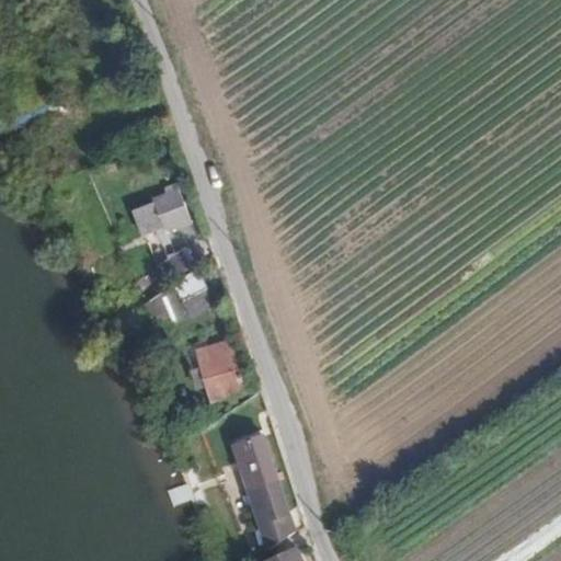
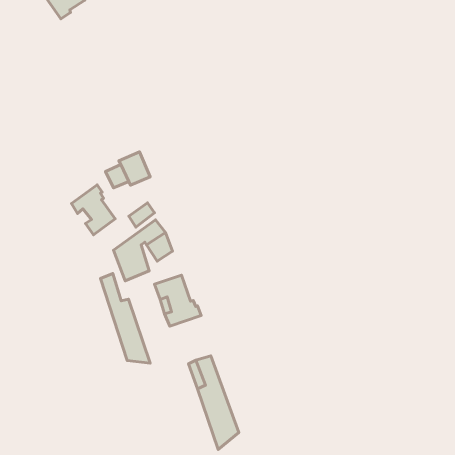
building: none -> [72,185,115,235]
building: none -> [101,274,150,363]

